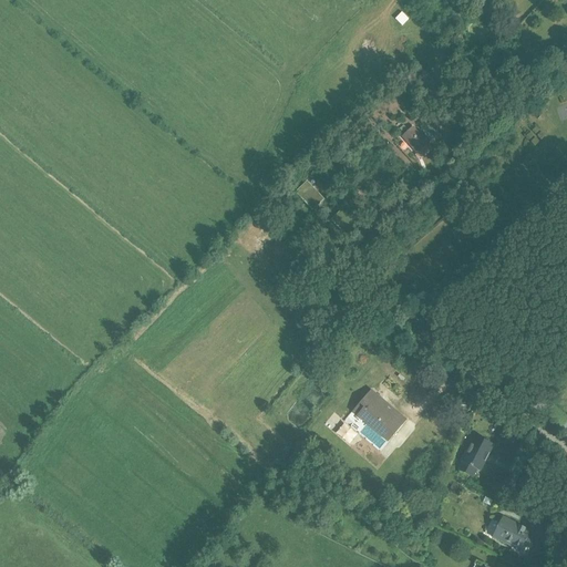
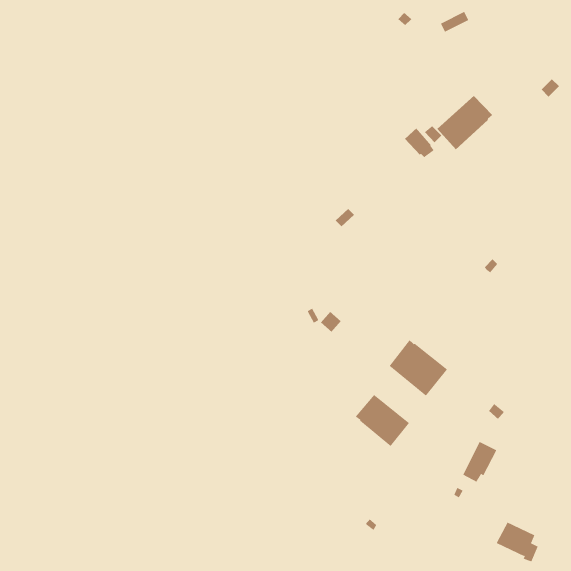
building: none -> [437,95,493,150]
building: none -> [389,340,448,396]

